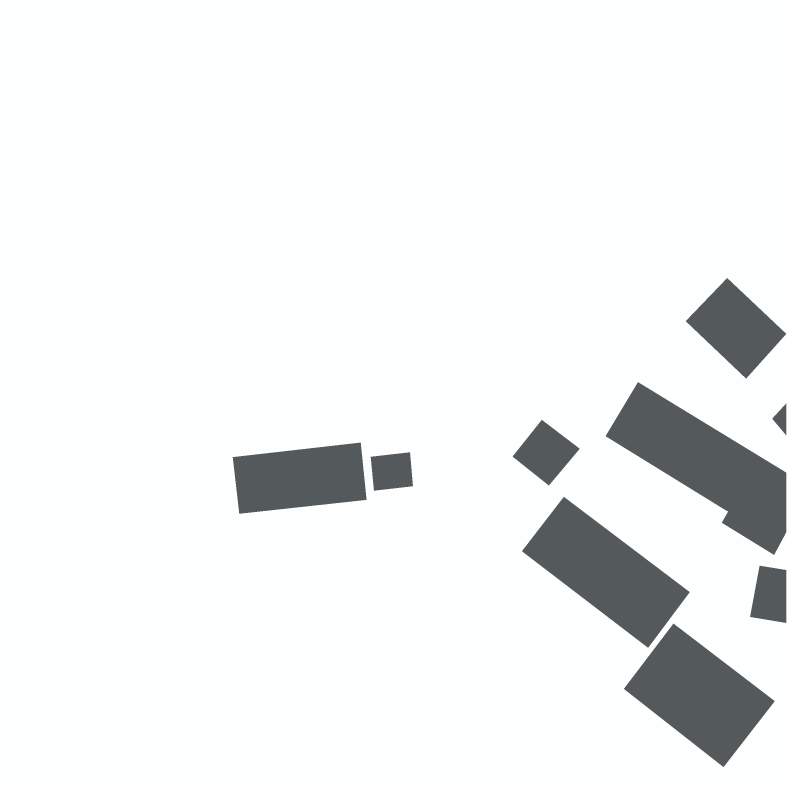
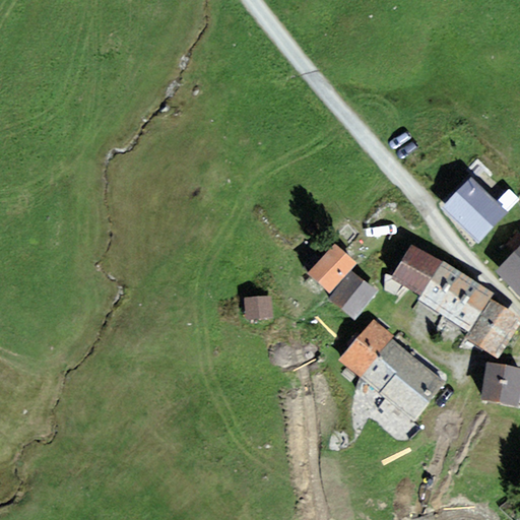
building: none -> [310,244,355,290]
building: [232,442,367,514] -> none
building: [623,622,776,768] -> none

